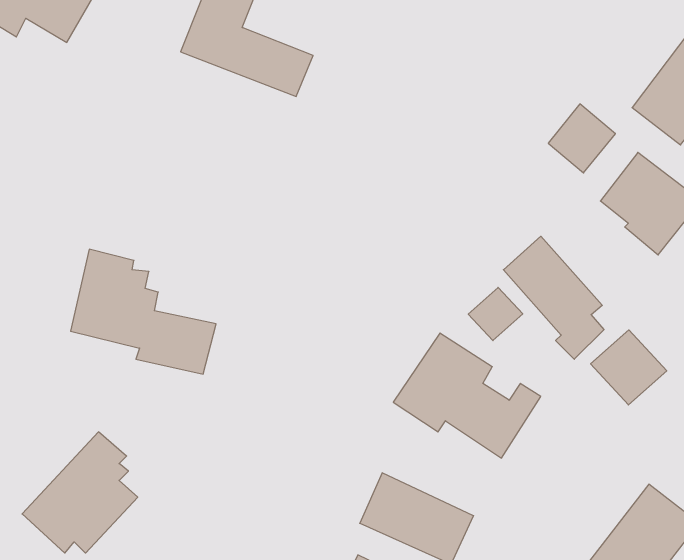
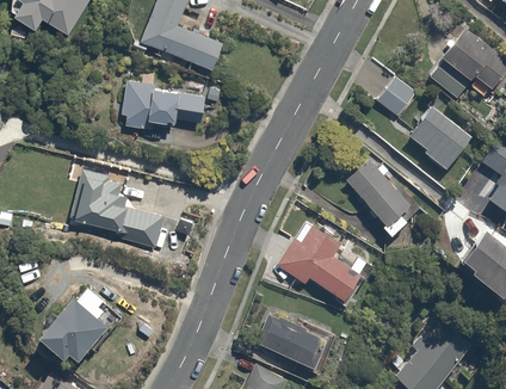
building: none -> [121,78,206,129]
building: [468,287,523,341] -> none
building: [591,330,667,405] -> none

